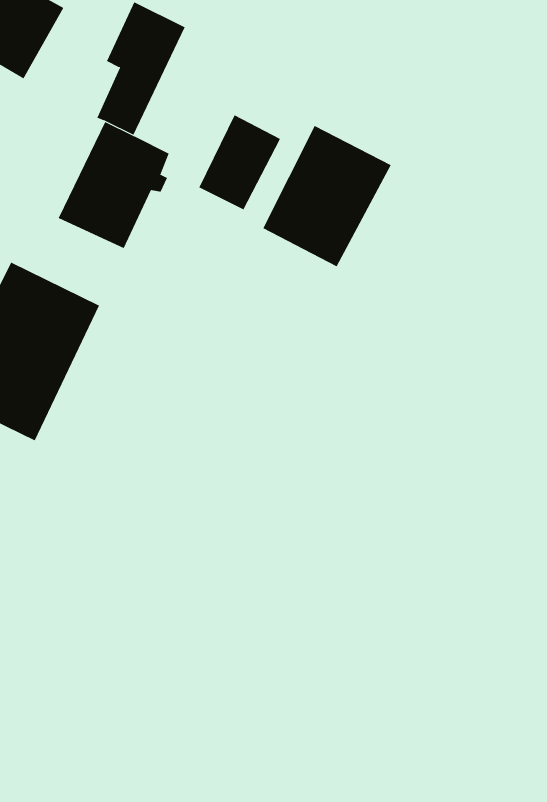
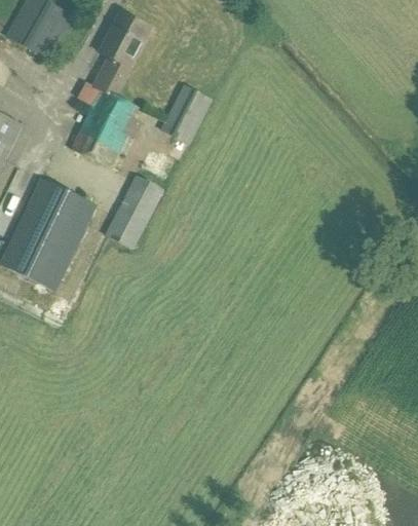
building: [263,125,391,267] -> none
building: none -> [104,174,163,251]

